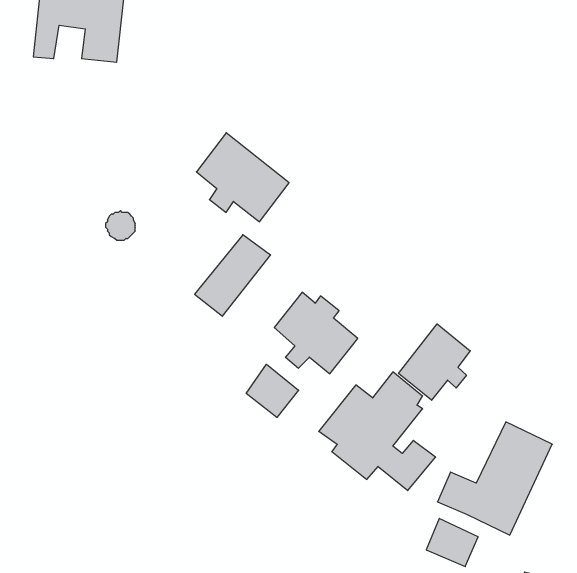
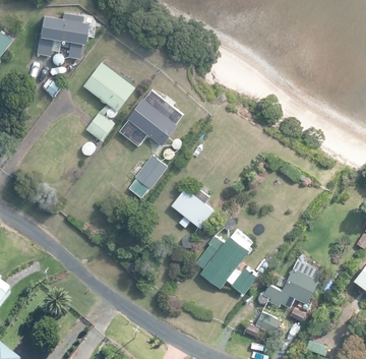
building: none -> [82,60,136,138]
building: [399,324,470,400] -> none
building: [246,364,299,417] -> none

